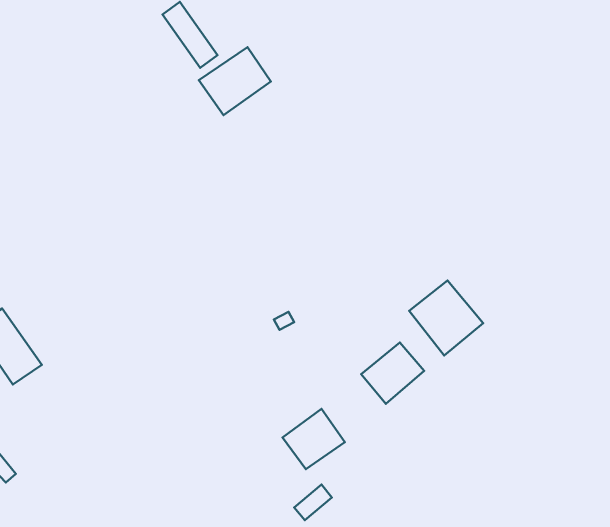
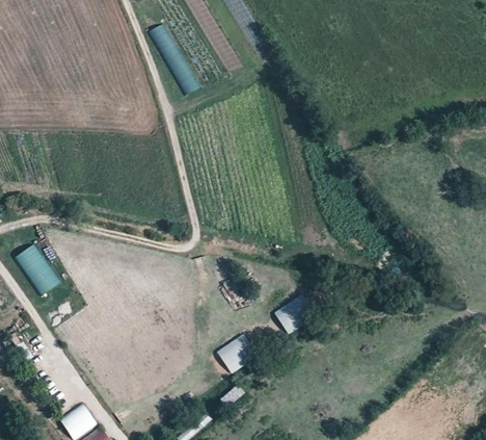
building: [199,47,271,115] -> none
building: [409,281,483,355] -> none

